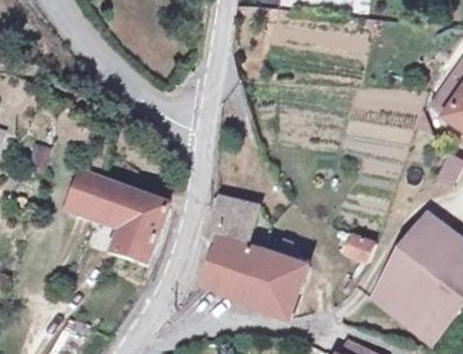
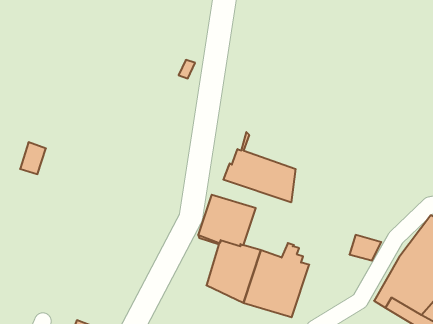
building: none -> [223,132,296,202]
building: [61,171,166,265] -> none

